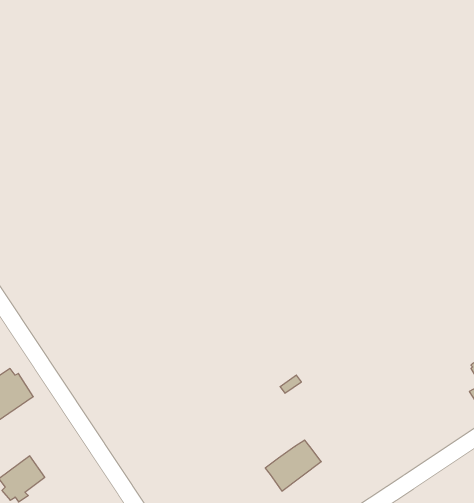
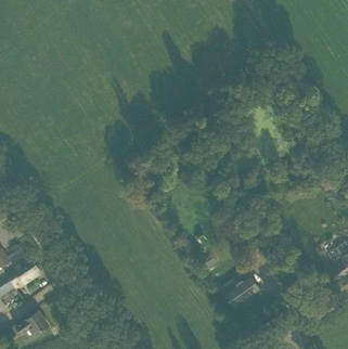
building: [265,440,321,491] -> [222,272,259,306]

